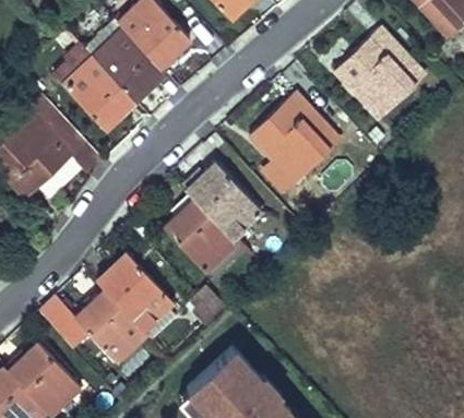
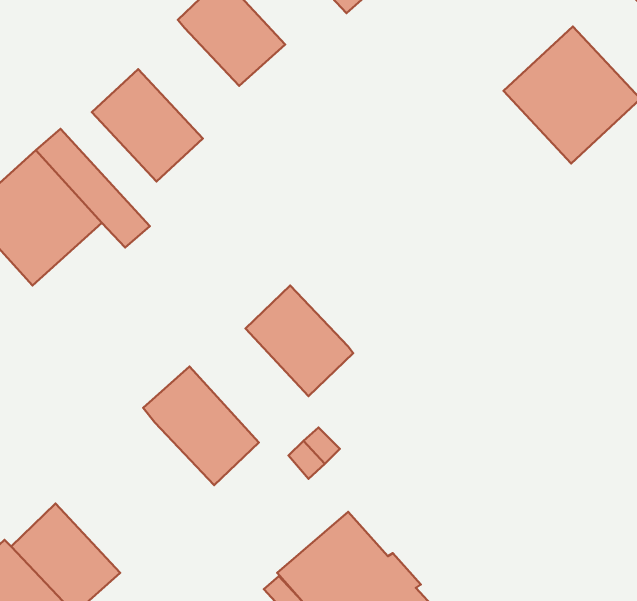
building: [93,28,166,101] -> none
building: [260,103,341,182] -> none
building: [186,163,261,239] -> none
building: [39,289,145,363] -> none

